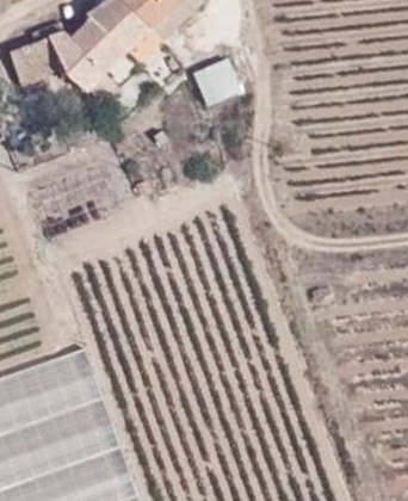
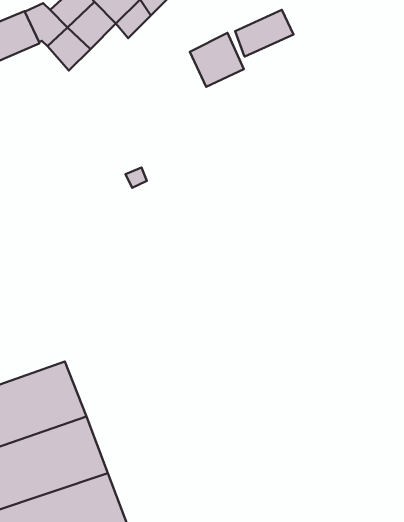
building: none -> [235,10,294,56]

